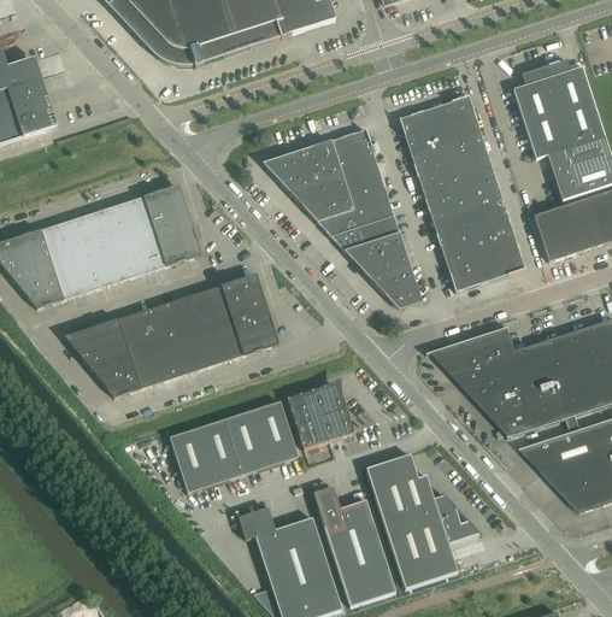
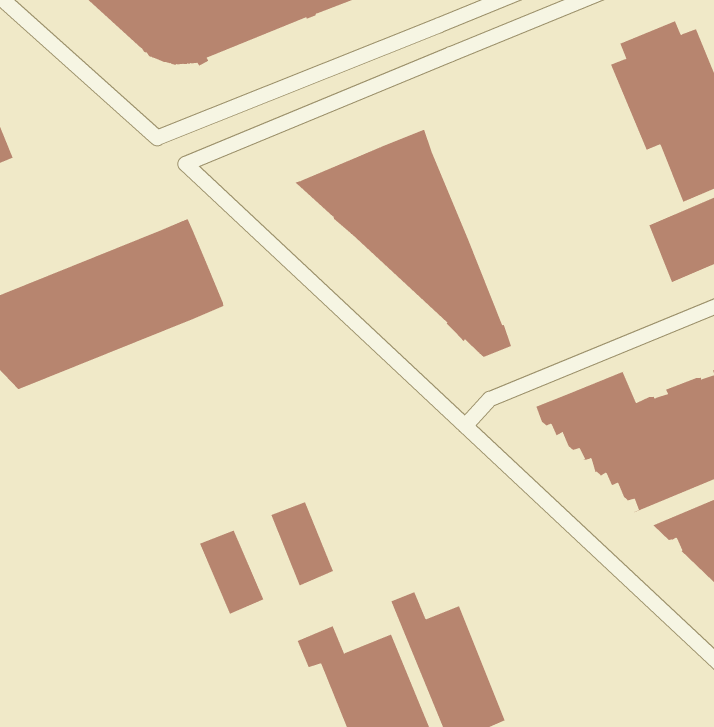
building: [399,95,525,292] -> none
building: [64,274,278,396] -> none
building: [287,384,354,449] -> none
building: [253,400,299,465] -> none
building: [196,418,243,483] -> none
building: [366,453,482,588] -> none

